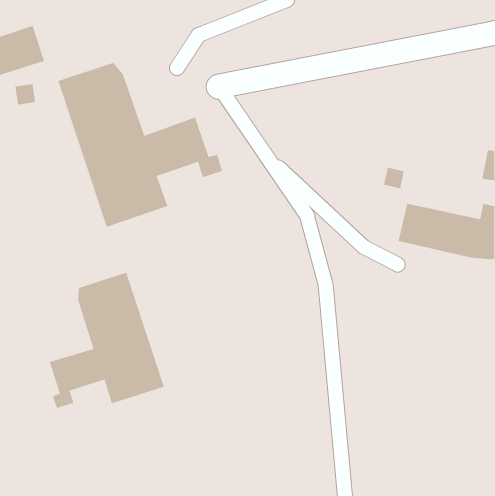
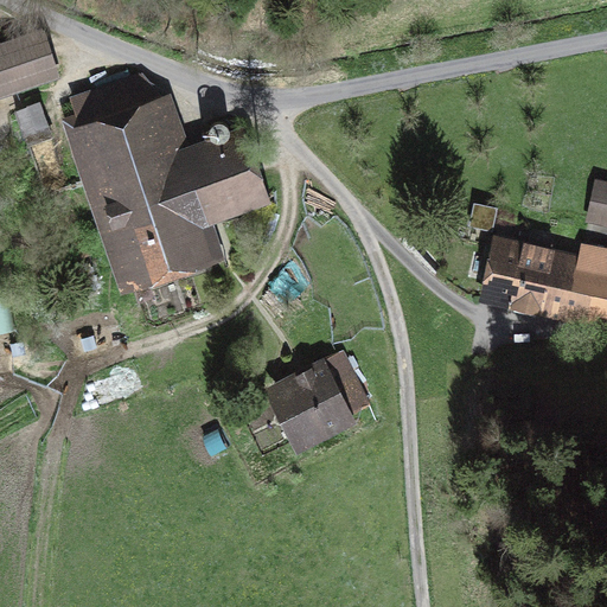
building: [49,272,165,409] -> none
building: none -> [275,359,365,448]

